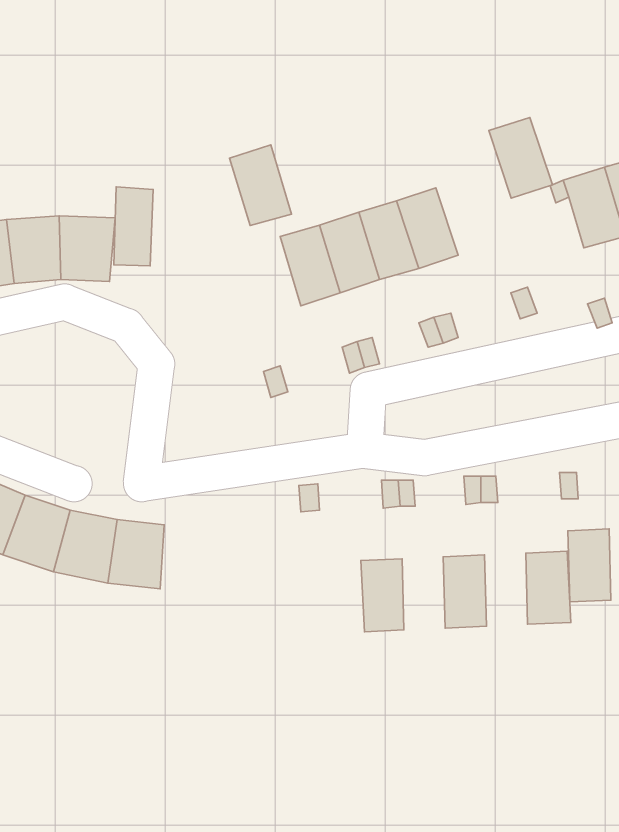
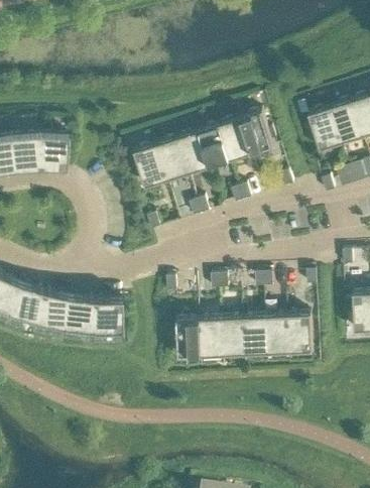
building: [489,117,552,198] -> [240,110,274,153]
building: [230,145,291,225] -> [134,143,167,187]
building: [114,187,153,266] -> none
building: none -> [92,298,122,333]
building: [568,529,611,602] -> [266,314,289,353]
building: none -> [222,316,245,355]
building: none -> [176,318,202,357]

